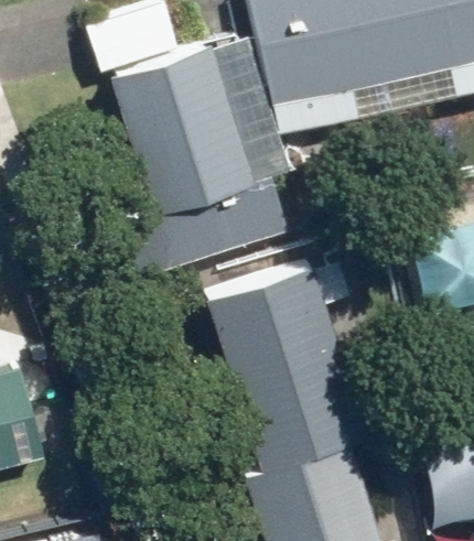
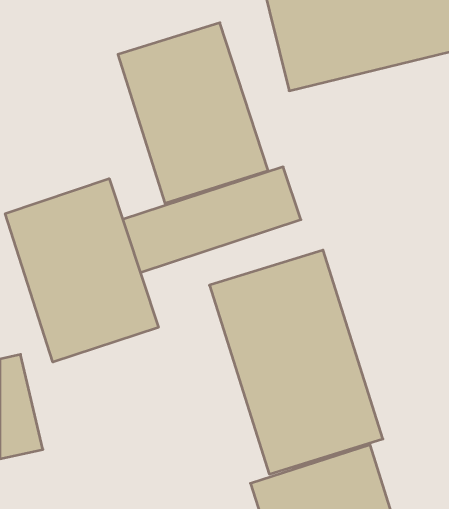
building: none -> [5,179,158,362]

